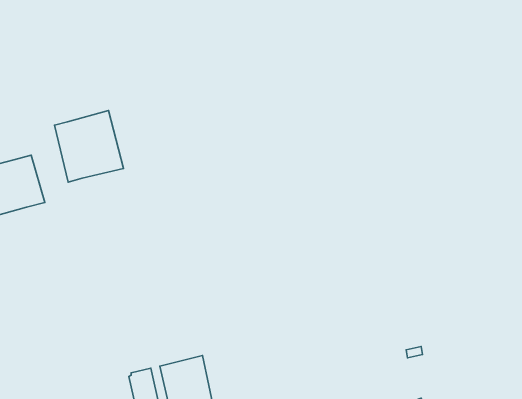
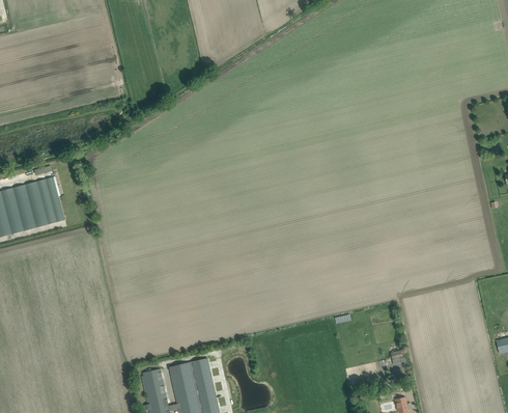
building: [54,111,124,182] -> none

